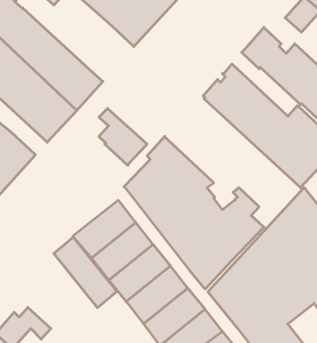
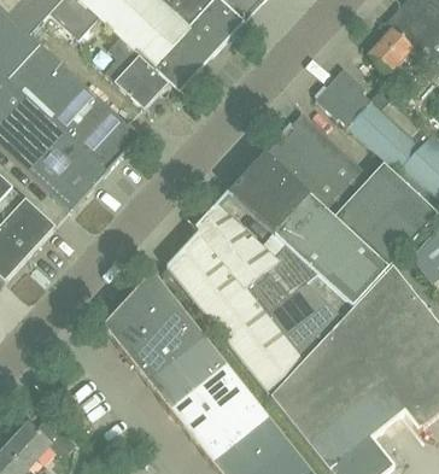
building: none -> [230,154,387,304]
building: [99,108,147,165] -> [107,36,168,107]
building: [54,237,117,308] -> none

